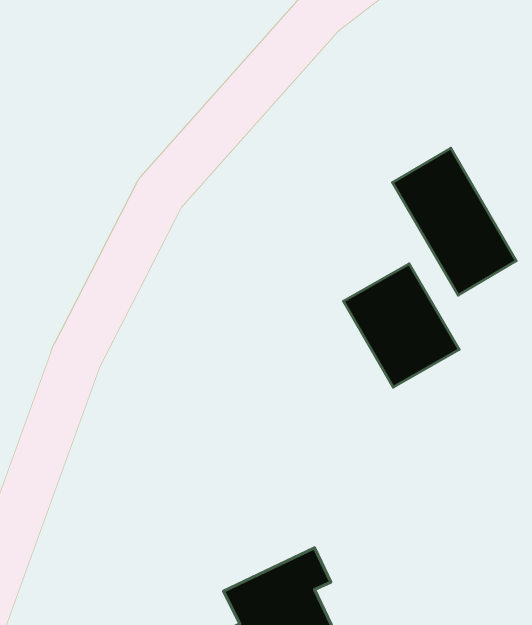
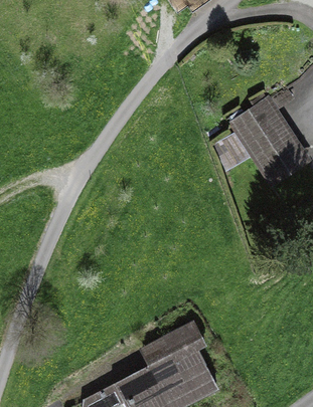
building: [343,264,459,387] -> none

